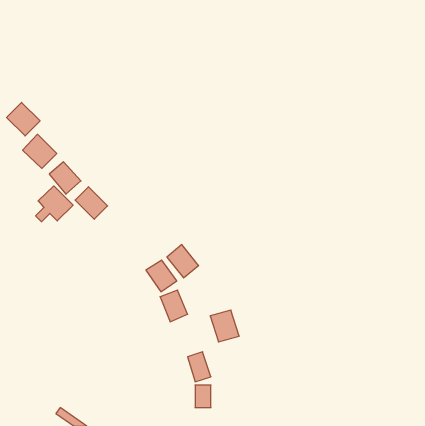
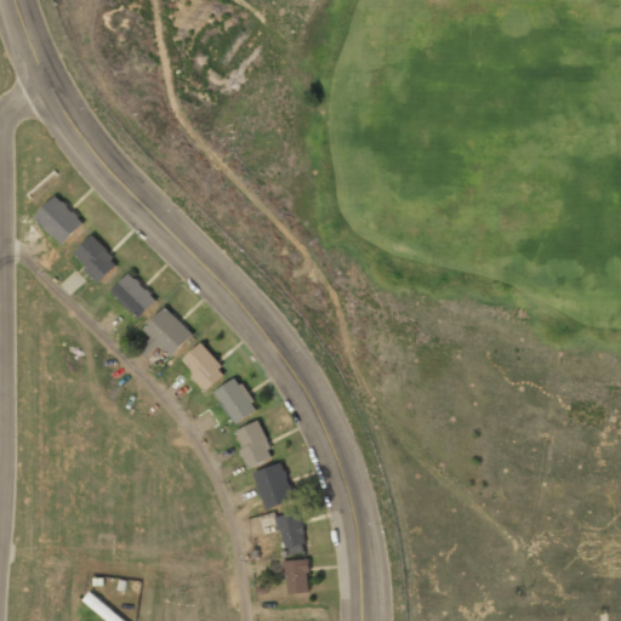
building: [7,102,40,136] -> none
building: [36,186,73,222] -> [138,307,193,359]
building: [167,245,199,278] -> [180,343,226,392]
building: [210,310,239,342] -> [252,463,295,509]

